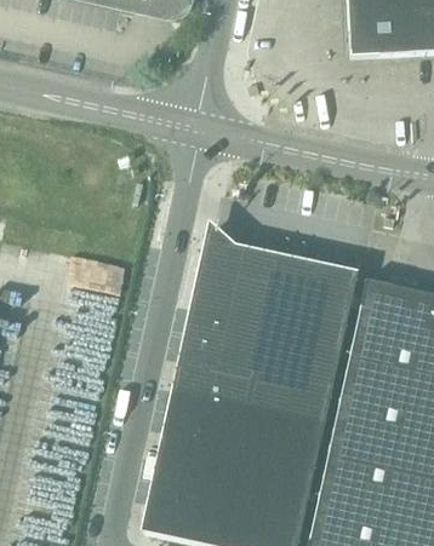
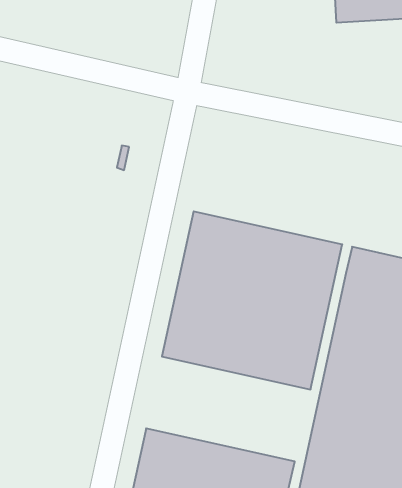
building: [159,386,322,490] -> none

